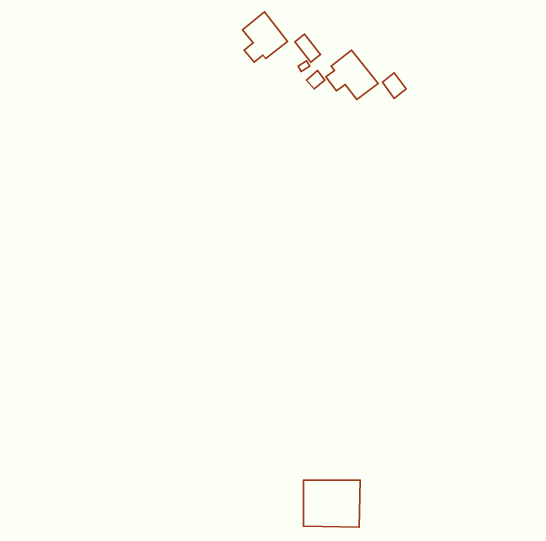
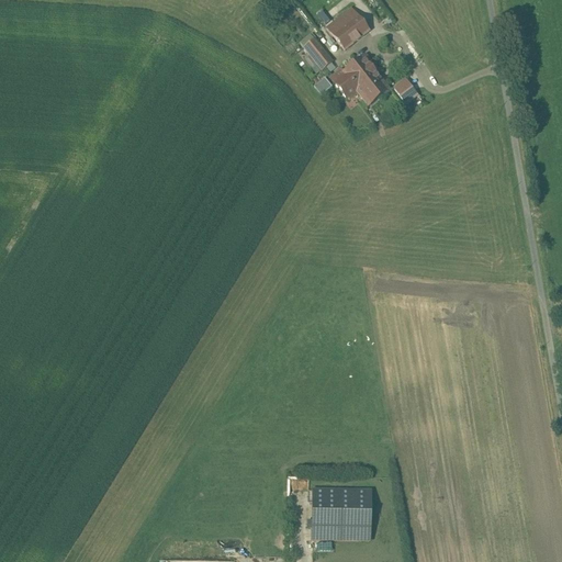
building: none -> [328,5,364,42]
building: [243,12,288,62] -> none

